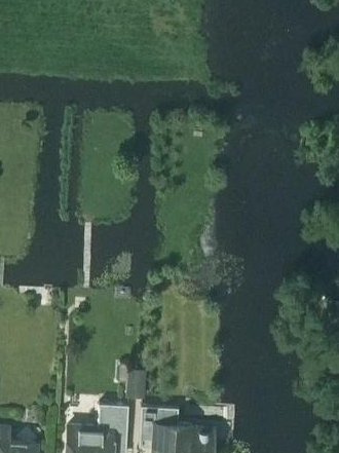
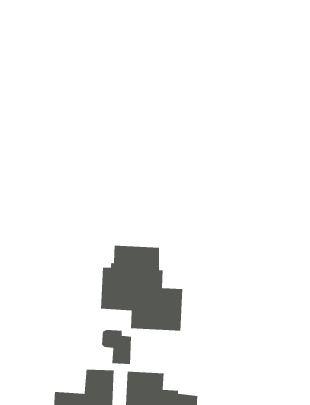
building: none -> [100,245,183,332]

